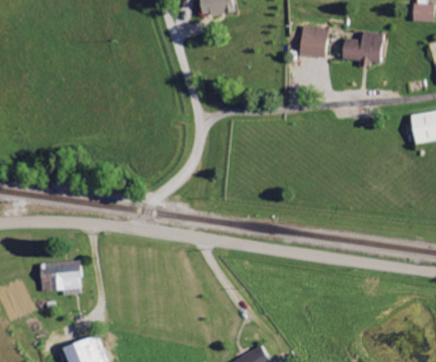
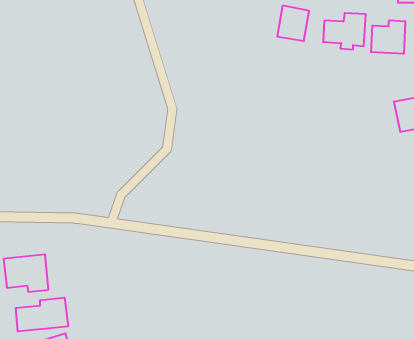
building: none -> [371,20,405,54]
building: none -> [16,298,68,332]

